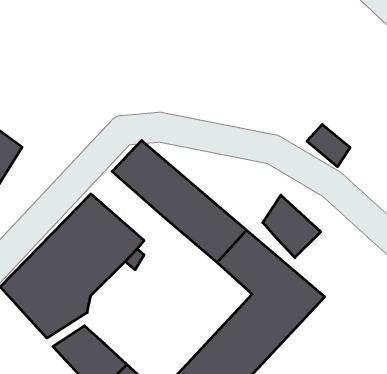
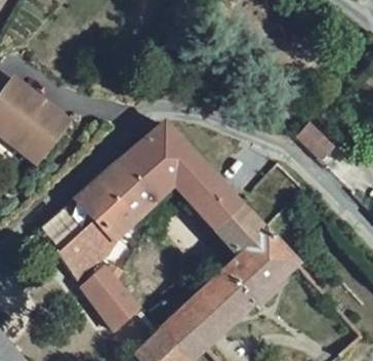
building: none -> [119,147,176,204]
building: [263,195,321,258] -> none

